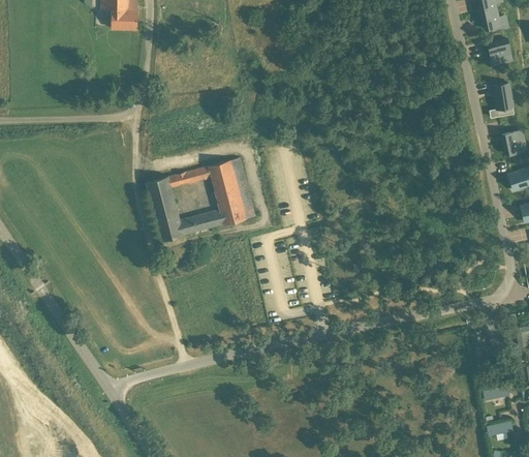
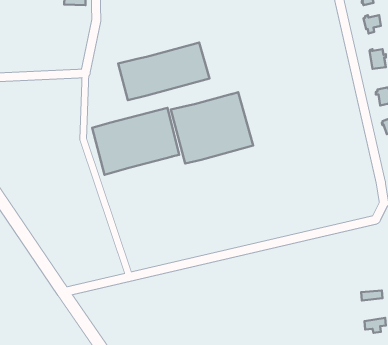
building: none -> [118,43,210,100]
building: none -> [171,92,253,163]

